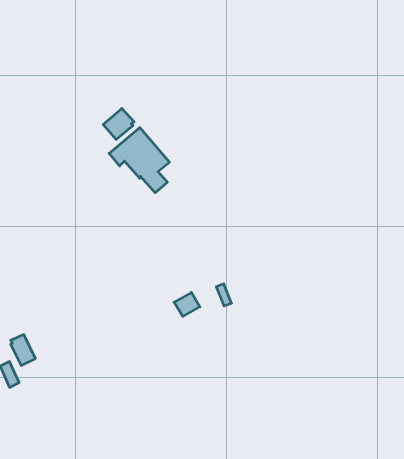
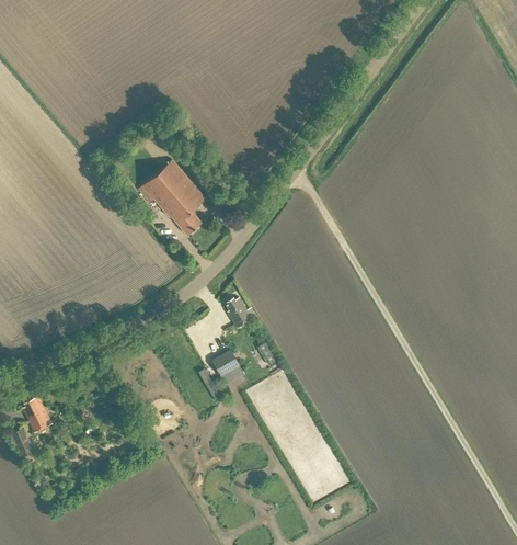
building: [103,108,134,139] -> none
building: none -> [226,296,256,329]

